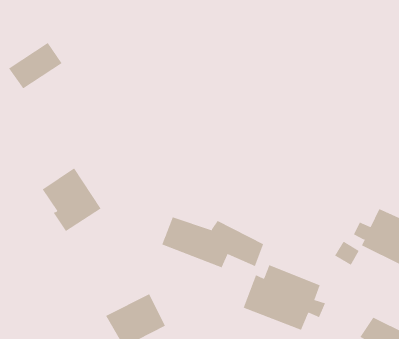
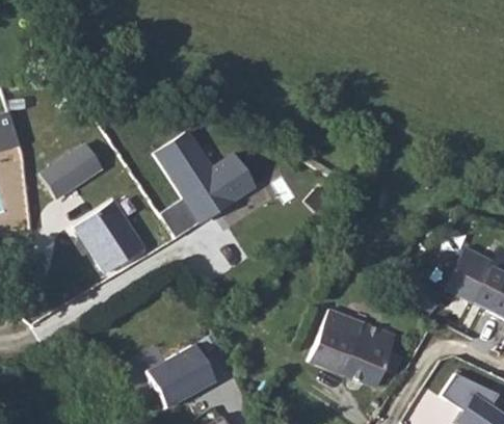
building: [8,42,62,89] -> [39,143,102,197]
building: none -> [157,129,256,235]
building: [162,217,264,268] -> none

